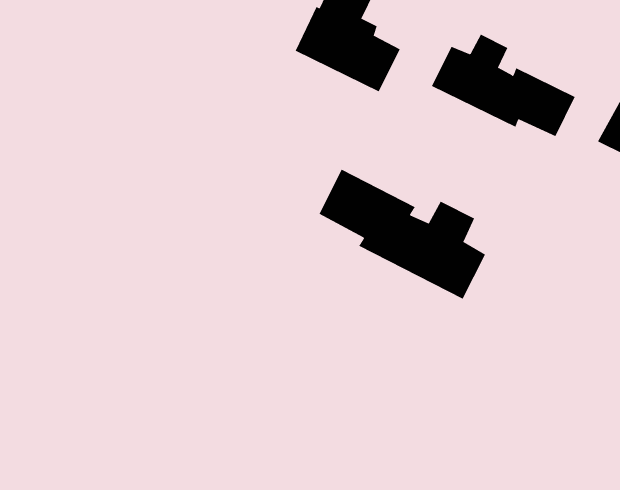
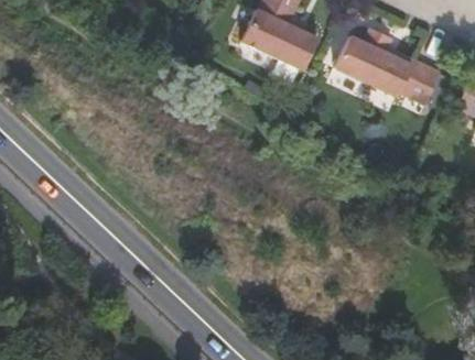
building: [319,169,486,299] -> none

